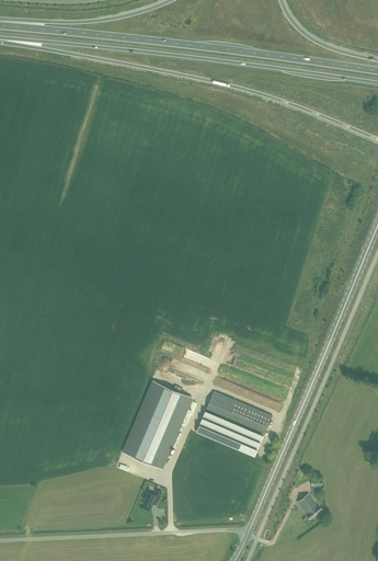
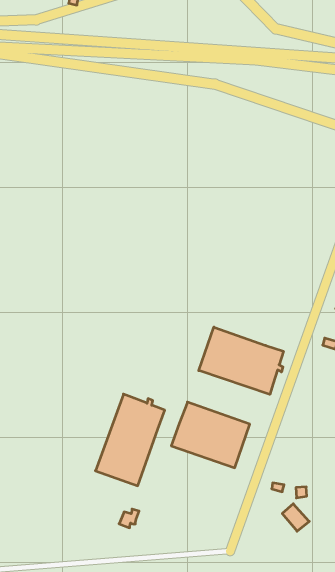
building: none -> [199,327,283,394]

